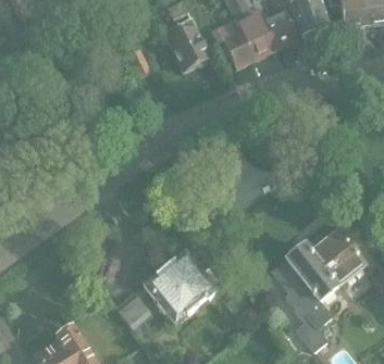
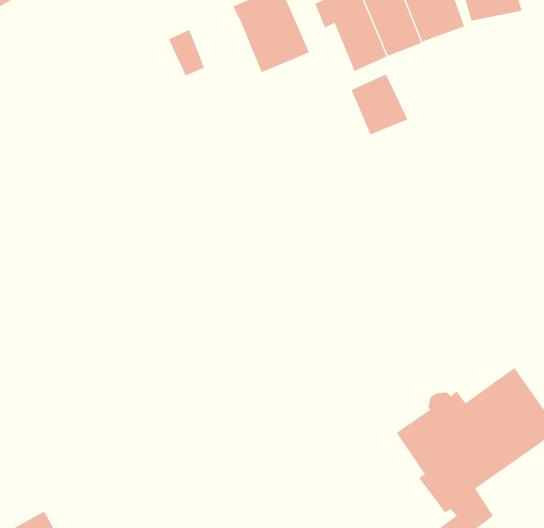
building: none -> [351,74,408,135]
building: [114,251,215,326] -> none

